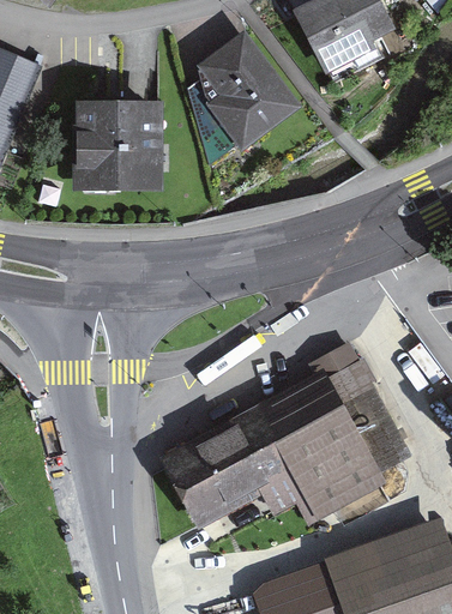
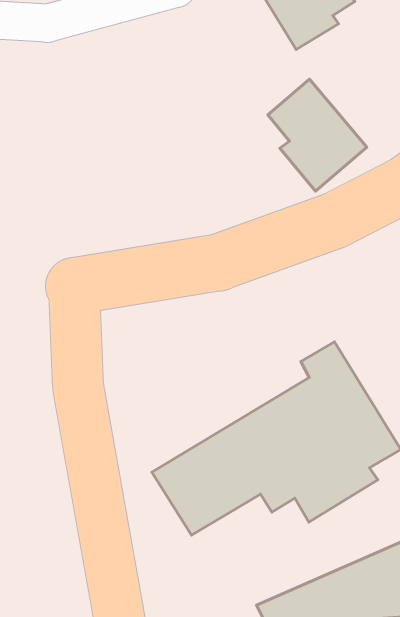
building: [201,36,294,143] -> [268,79,367,191]
building: [83,103,156,180] -> none

